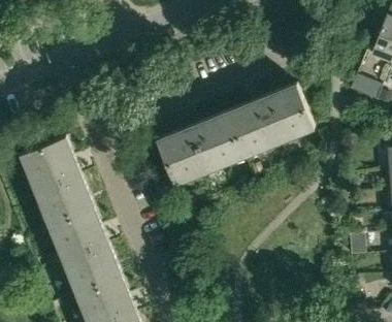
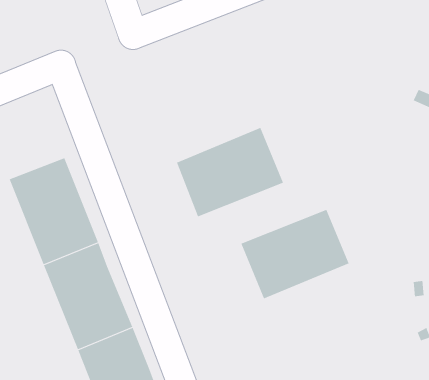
building: [225,85,314,158] -> [241,209,349,299]

